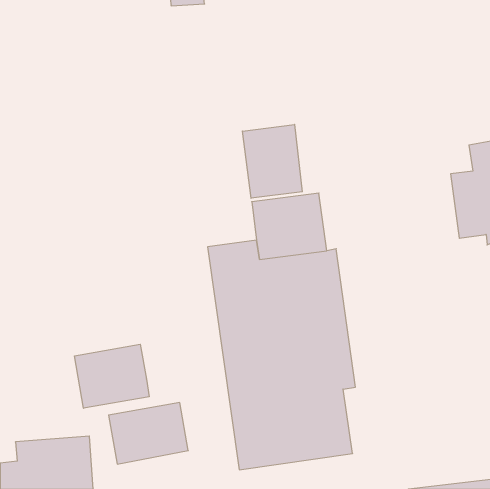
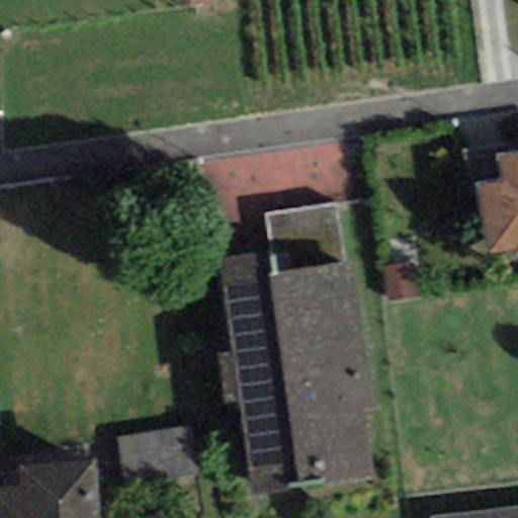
building: [242,124,302,198] -> none
building: [75,344,149,408] -> none

